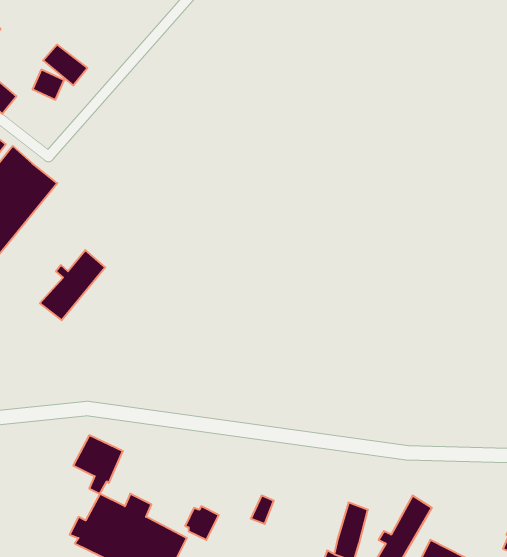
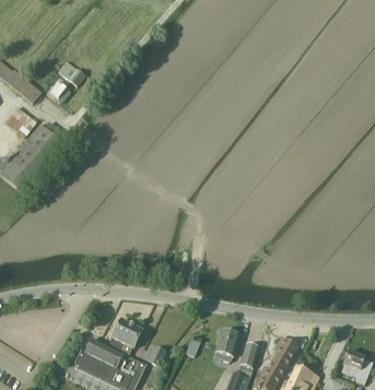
building: [40,250,105,320] -> none
building: [73,435,123,494] -> [112,319,142,355]
building: none -> [214,330,239,362]

